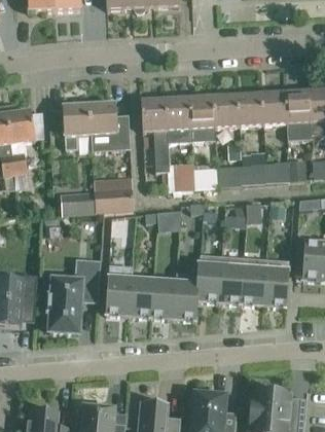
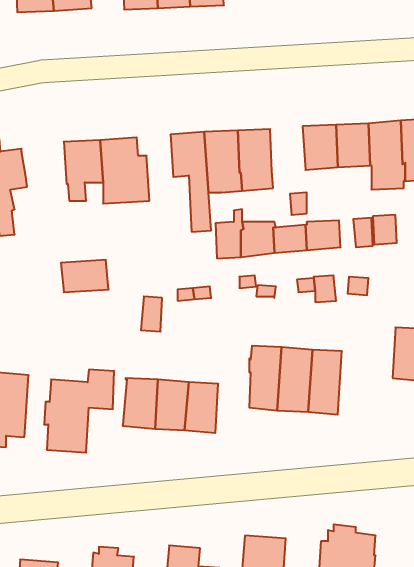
building: [213,94,239,127] -> none
building: [93,177,133,213] -> none
building: [262,258,289,305] -> none
building: [173,272,198,319] -> none

